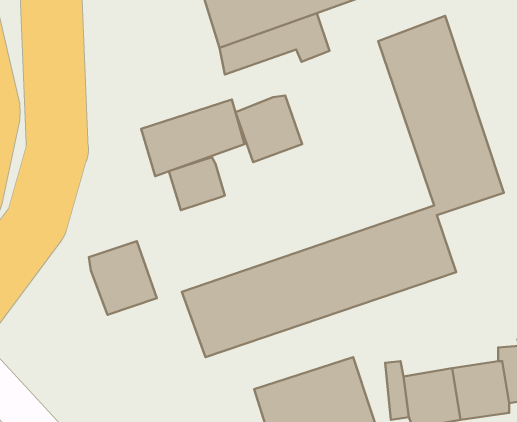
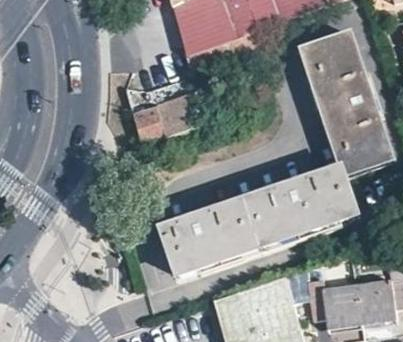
building: [235,96,302,162] -> none
building: [169,157,225,210] -> none
building: [89,241,157,315] -> none

